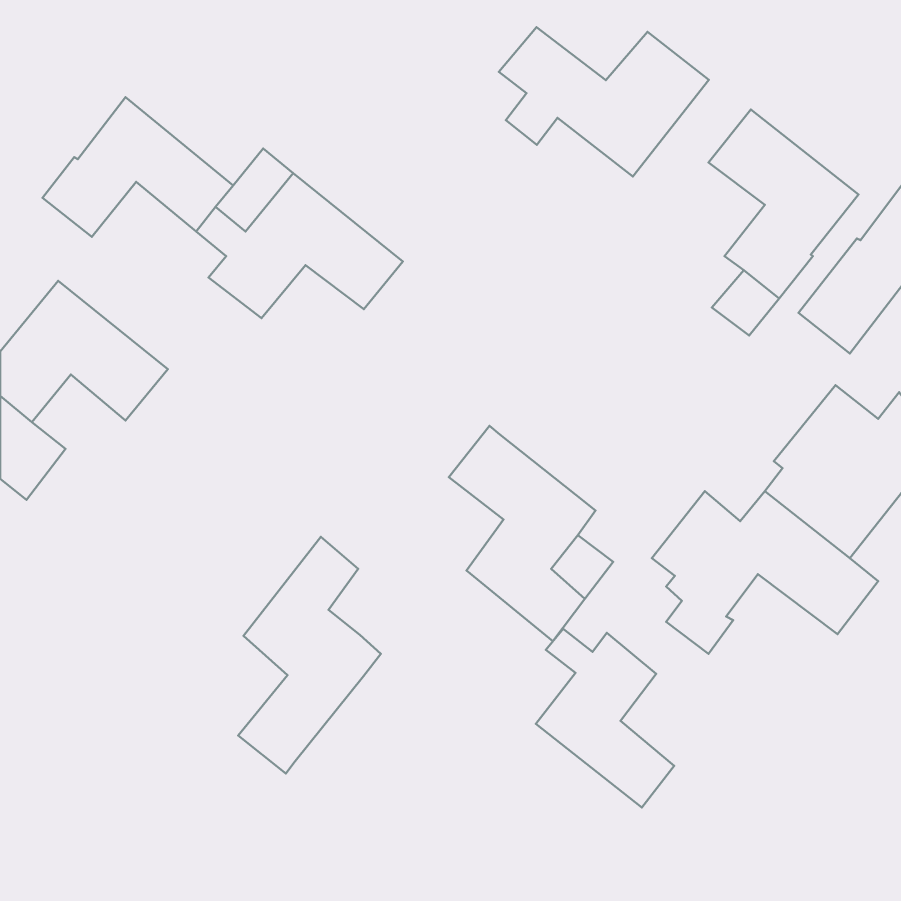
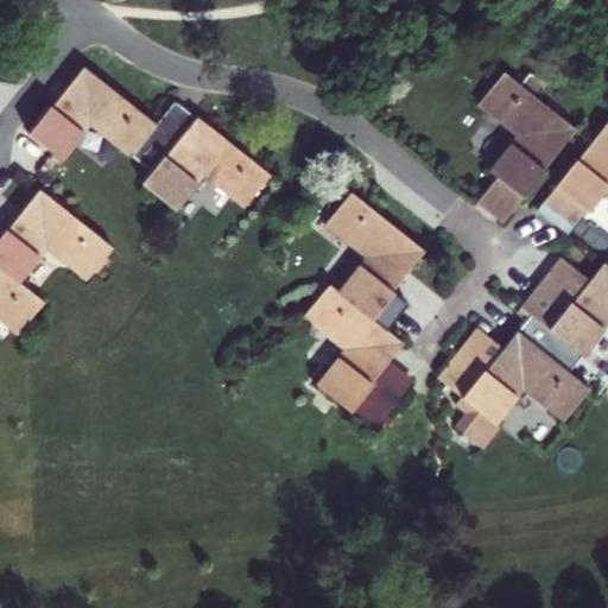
building: [499,27,709,176] -> none
building: none -> [325,194,425,332]
building: [238,537,381,774] -> none
building: [536,629,674,807] -> none

